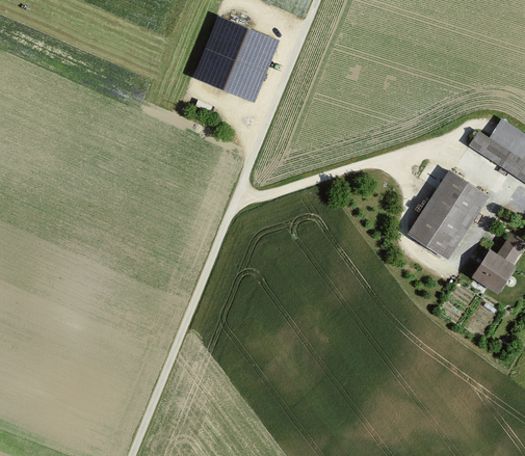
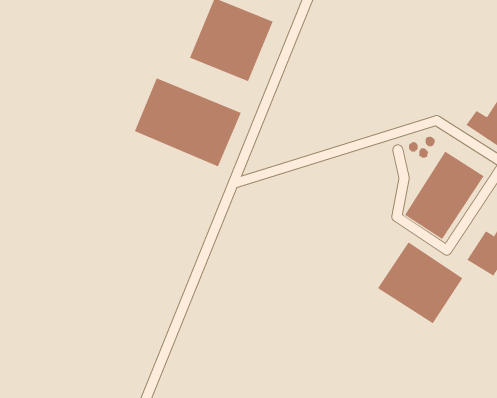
building: none -> [134,78,241,167]
building: none -> [377,241,463,324]

